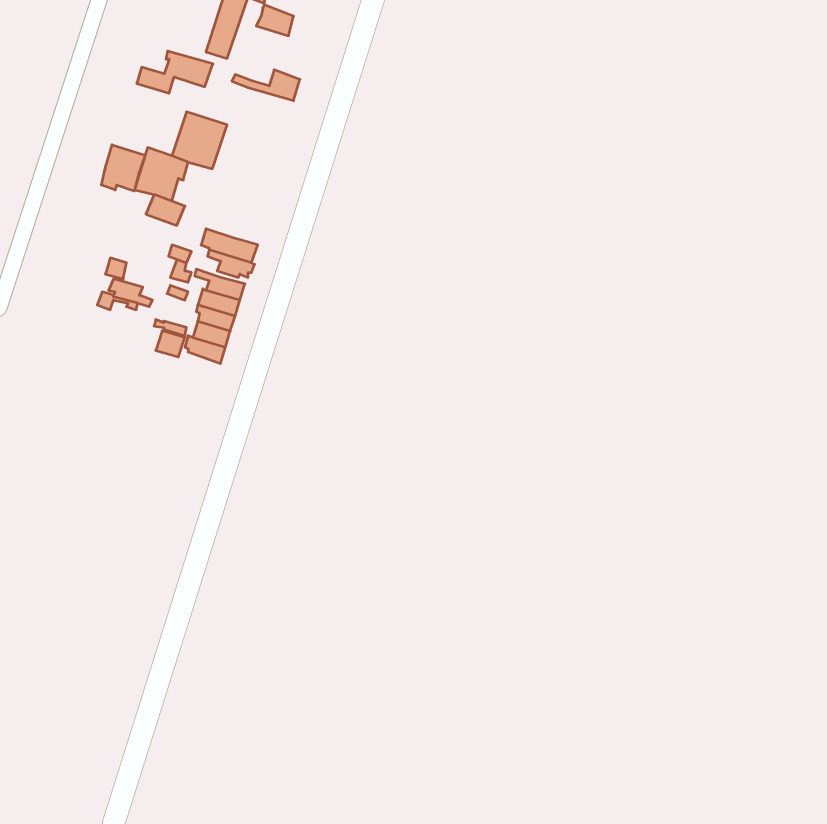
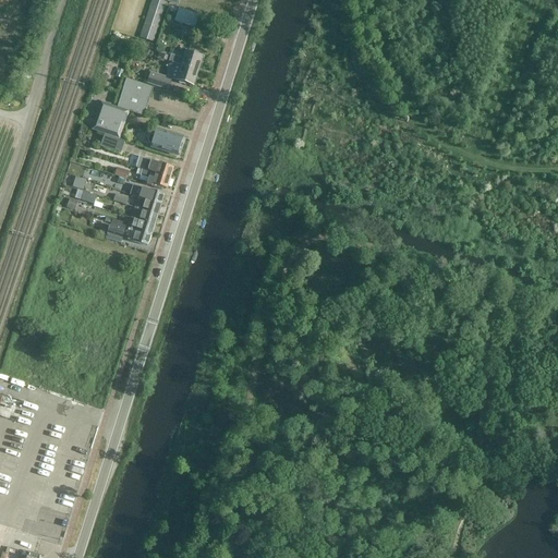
building: [137,51,213,93] -> [146,59,197,87]
building: [101,145,145,191] -> none
building: none -> [147,126,182,153]

